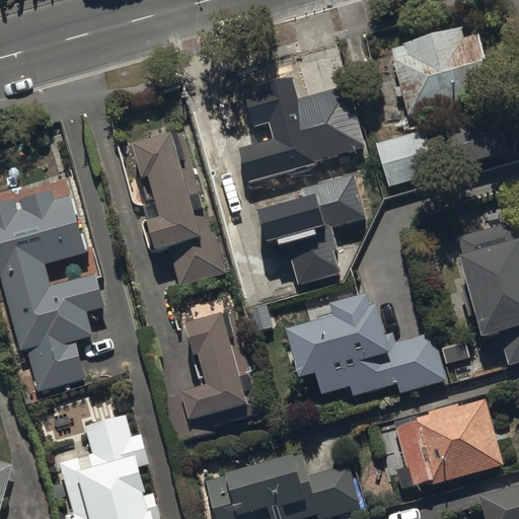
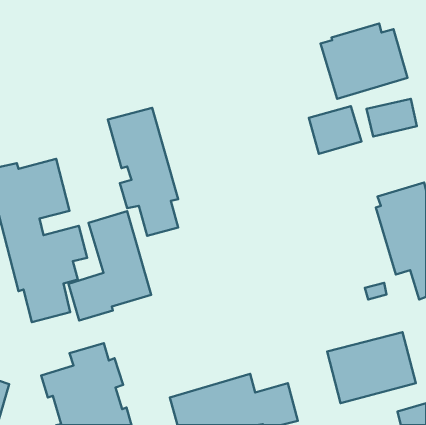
building: [238,73,362,177] -> none
building: [255,171,362,282] -> none
building: [287,297,447,400] -> none
building: [161,312,262,445] -> [68,211,151,321]

